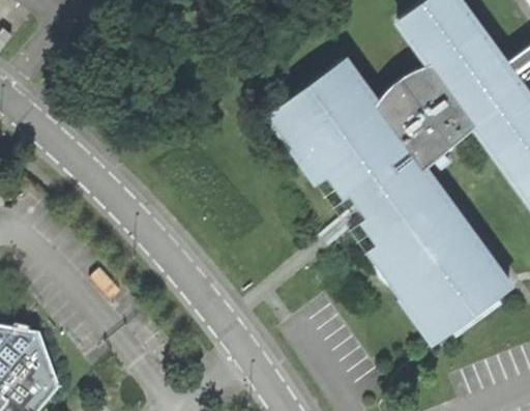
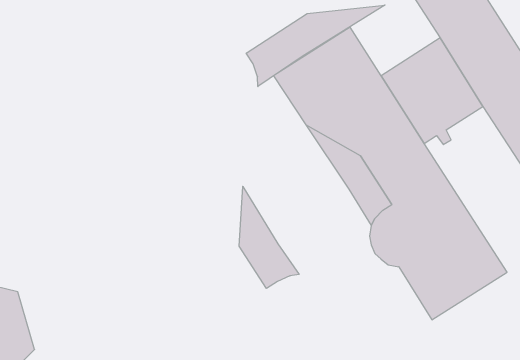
building: none -> [246,5,385,87]
building: none -> [239,186,299,288]

